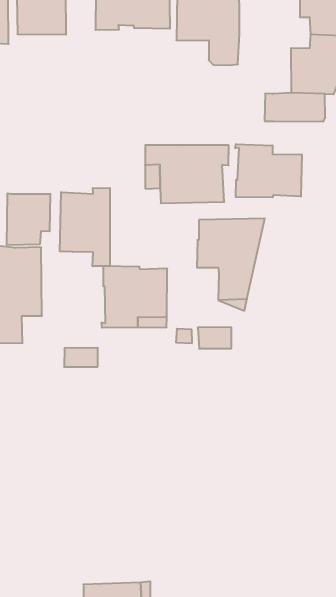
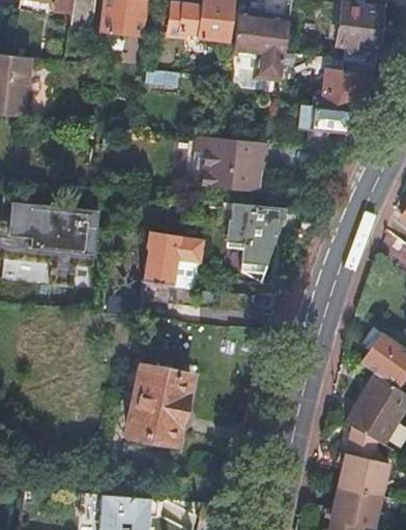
building: [235,144,302,197] -> none
building: [60,188,110,266] -> none
building: [7,193,50,245] -> none
building: none -> [126,363,190,443]

